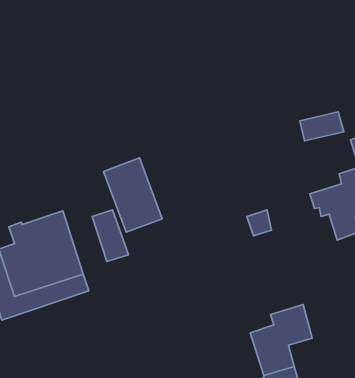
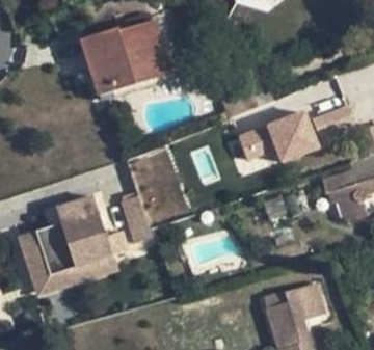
building: none -> [79,19,170,96]
building: none -> [236,112,311,170]

